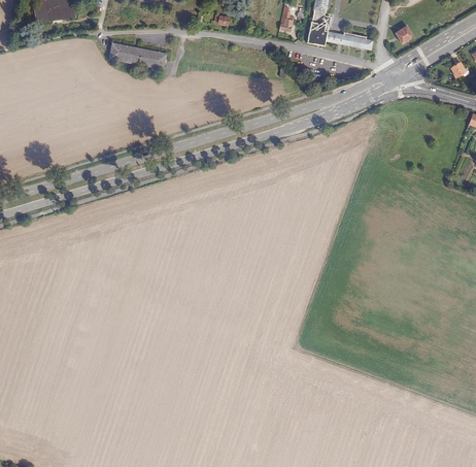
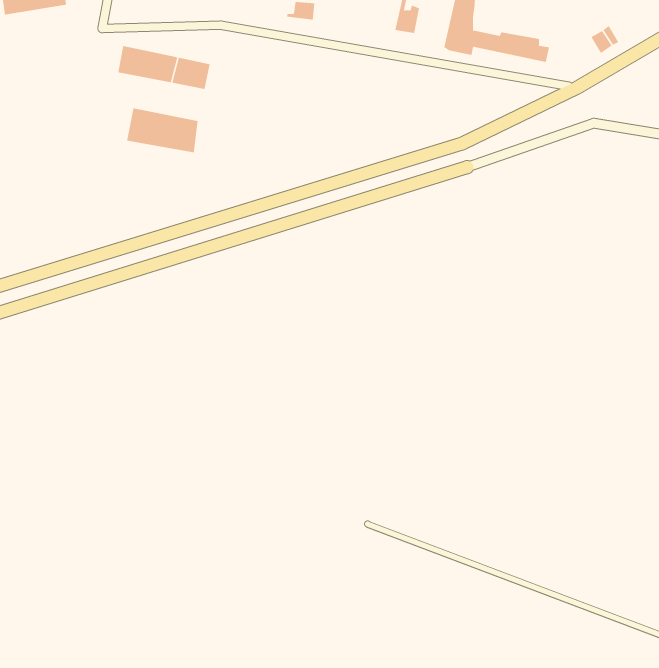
building: none -> [126,107,198,153]

